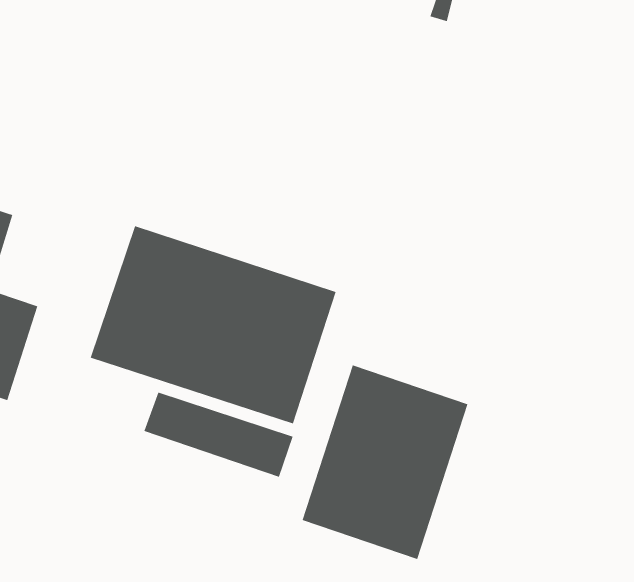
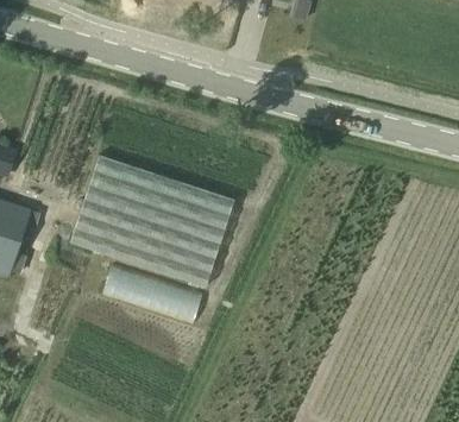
building: [302,364,468,560] -> none

